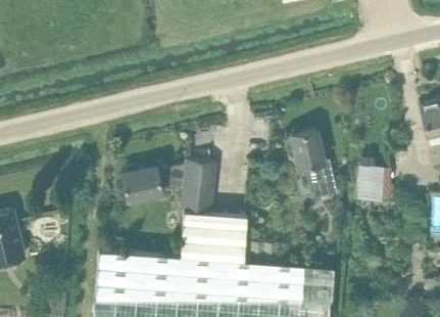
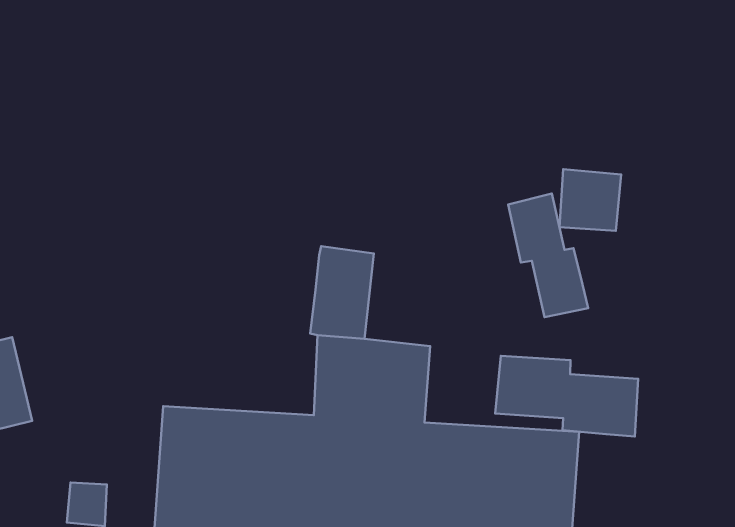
building: [121,163,186,198] -> none
building: [358,166,393,200] -> [559,169,621,231]
building: none -> [495,356,638,436]

